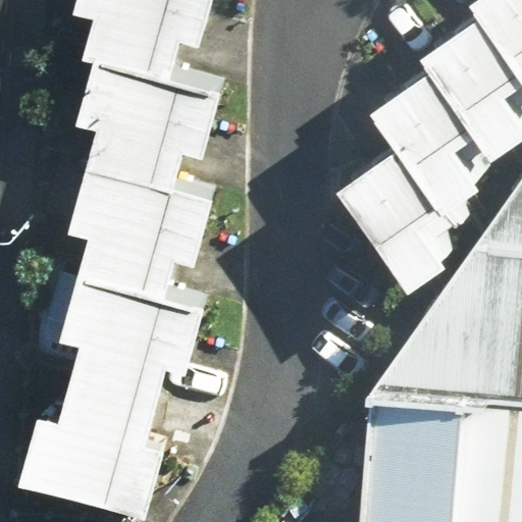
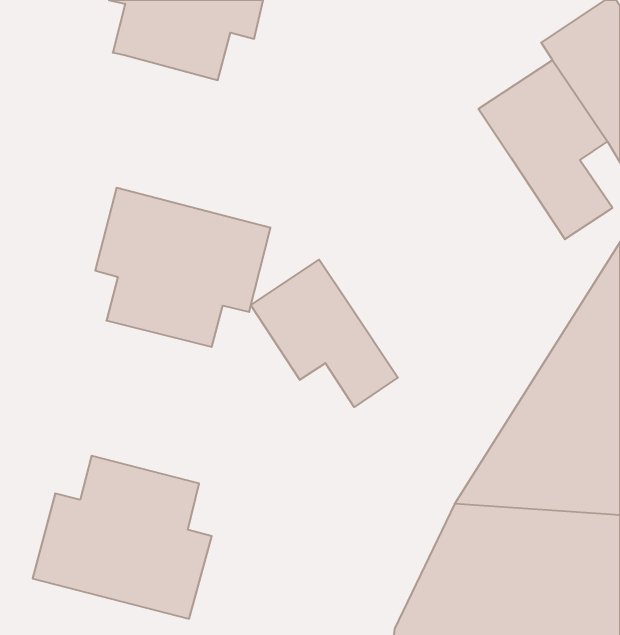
building: [85,49,229,179] -> none
building: [358,133,465,275] -> none
building: none -> [251,260,398,407]
building: [69,265,212,398] -> none

